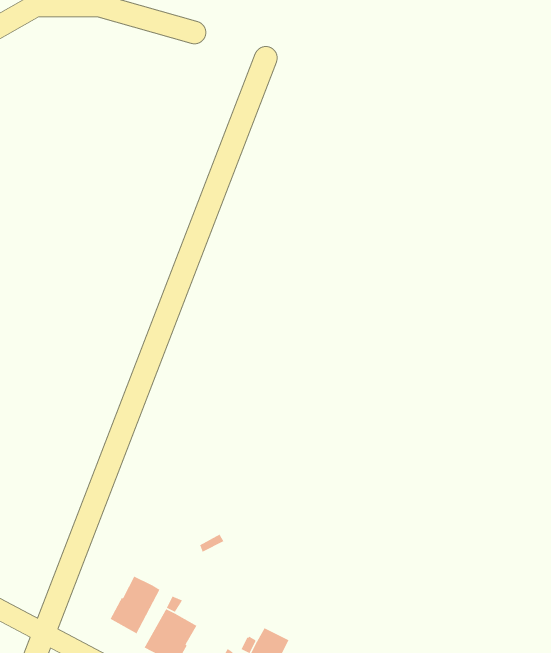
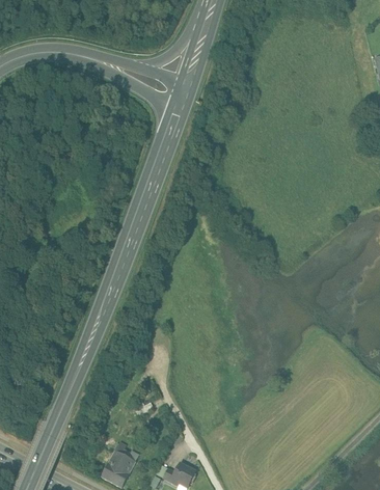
building: [109,575,160,635] -> none

